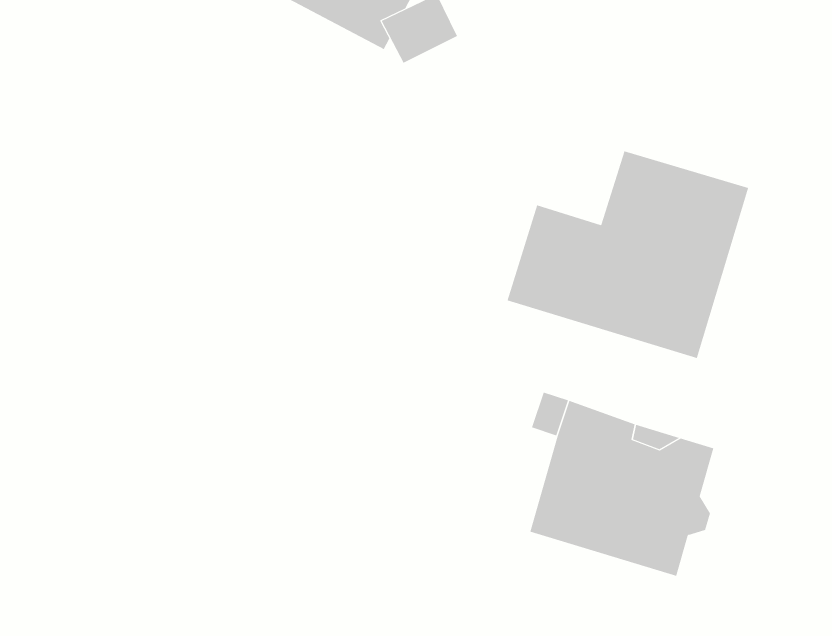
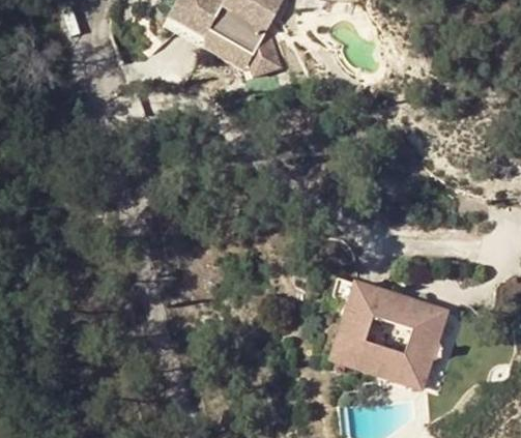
building: [507,151,749,359] -> none

